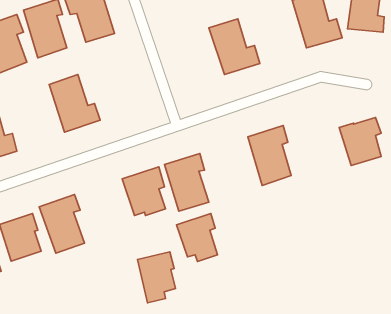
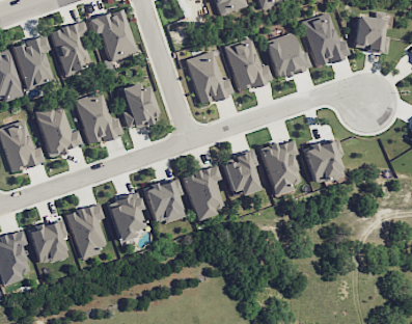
building: none -> [266,34,311,79]
building: none -> [186,52,234,105]
building: none -> [120,83,158,131]
building: none -> [35,106,83,157]
building: [339,118,381,165] -> [303,140,342,185]
building: [176,214,218,261] -> [221,152,259,196]
building: [138,252,175,303] -> [108,194,143,242]

